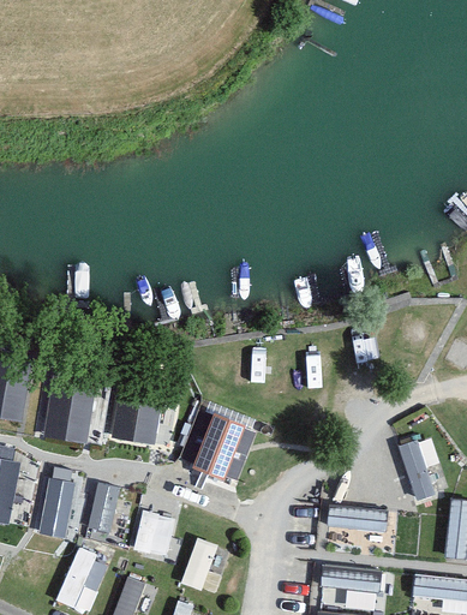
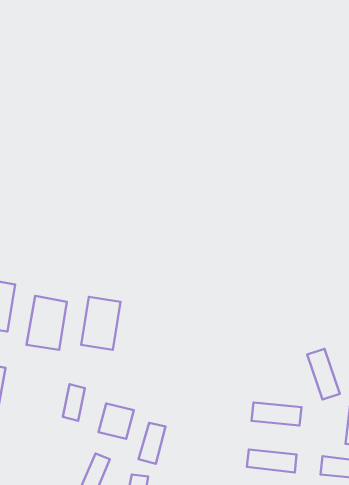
building: [194,414,244,477] -> none
building: [40,482,76,541] -> none
building: [60,542,112,605] -> none

